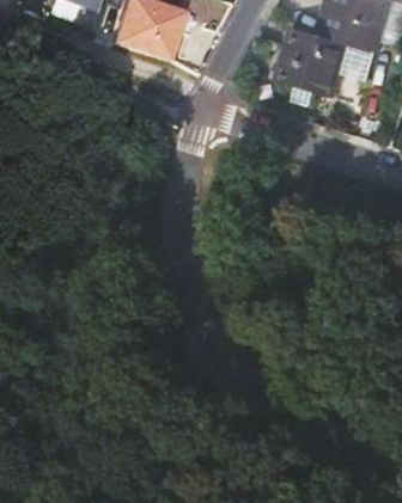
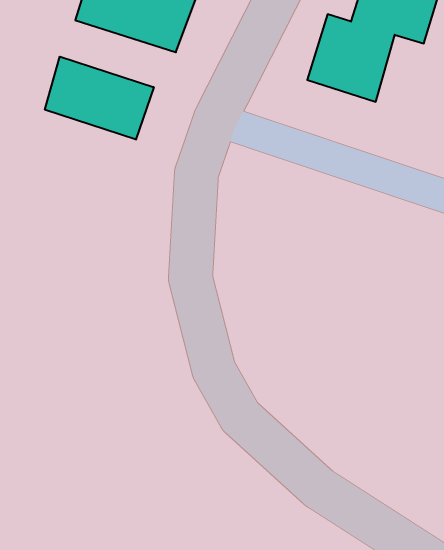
building: none -> [45,57,154,140]

